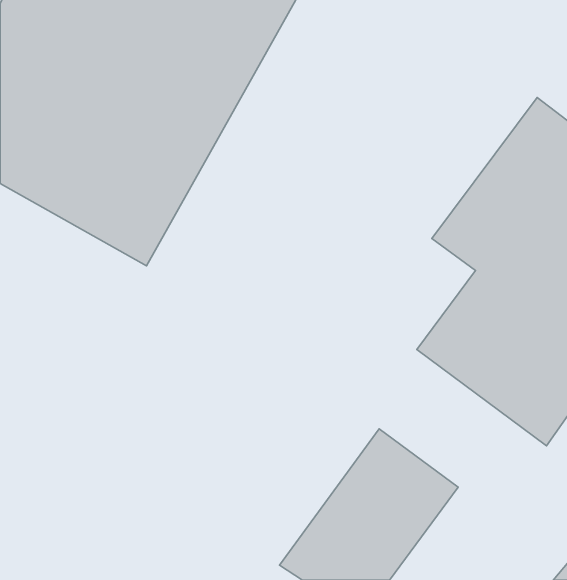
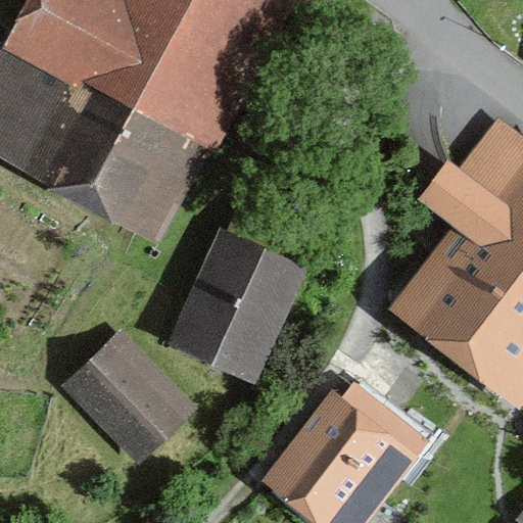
building: none -> [163,235,293,378]
building: none -> [53,326,188,461]

